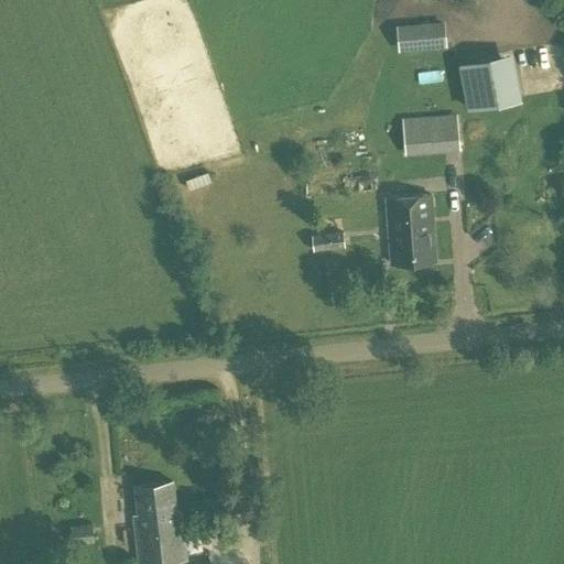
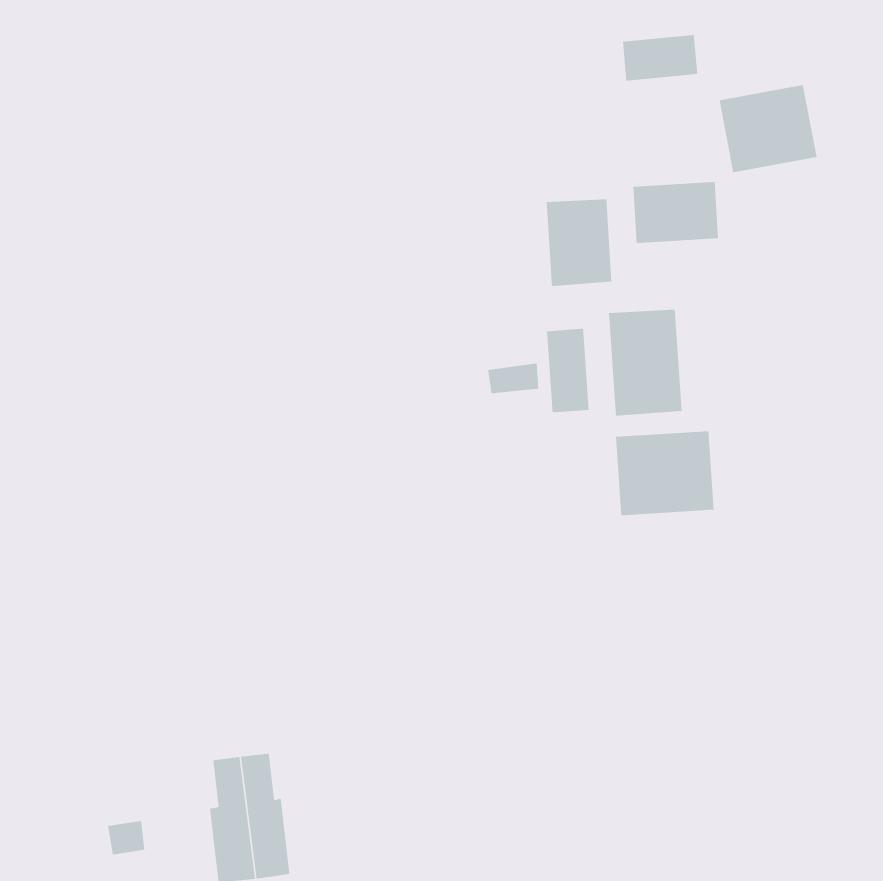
building: none -> [546,198,612,287]
building: none -> [547,328,589,413]
building: none -> [616,430,714,516]

